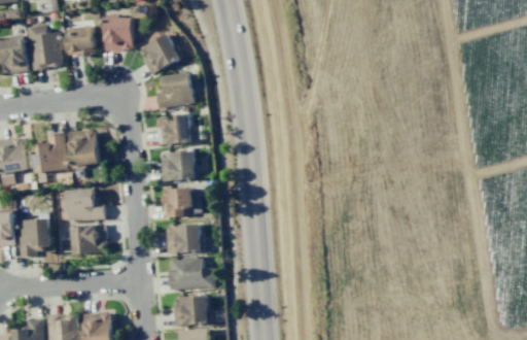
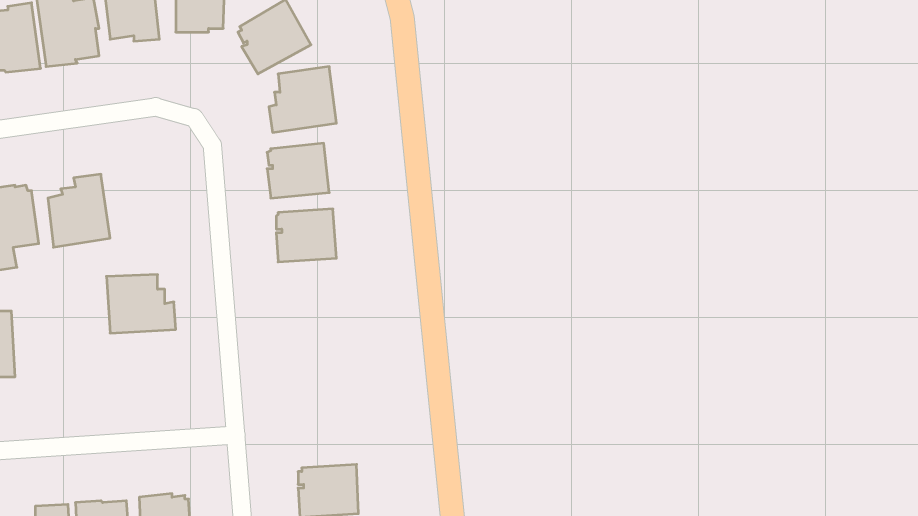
building: [68,131,99,170] -> none
building: [163,186,202,216] -> none
building: [17,218,51,258] -> none
building: [168,224,202,253] -> none
building: [68,225,106,253] -> none
building: [169,257,214,290] -> none

